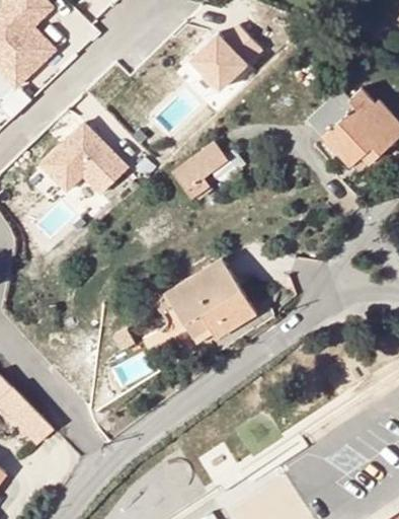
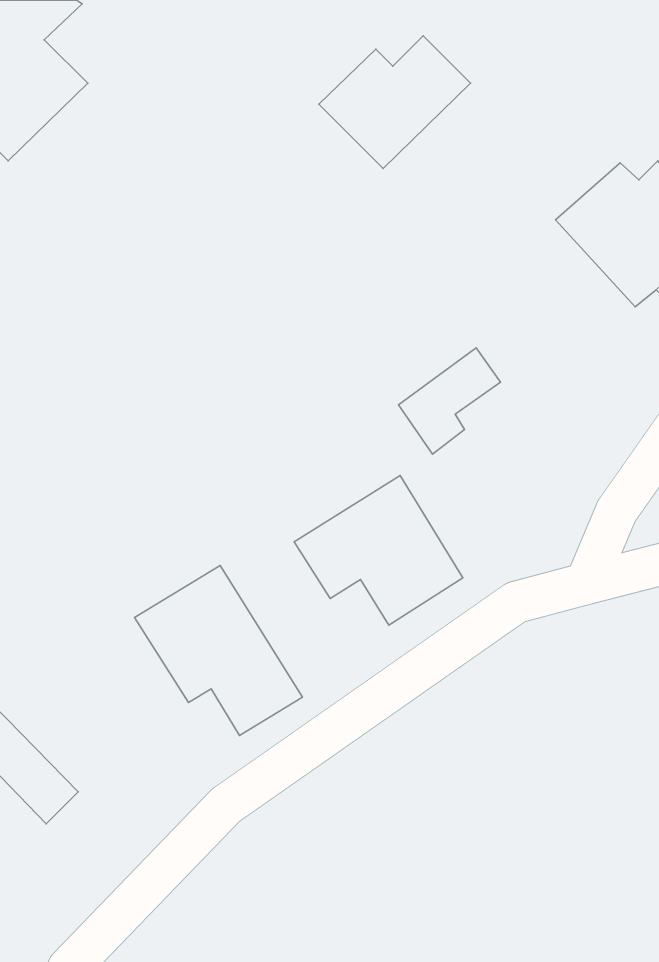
building: [39,128,129,202] -> none
building: [174,142,229,199] -> [398,348,501,454]
building: none -> [135,565,303,735]

